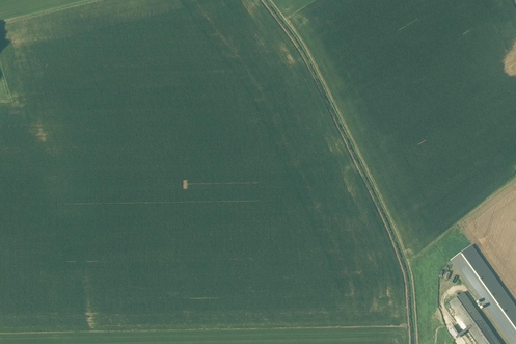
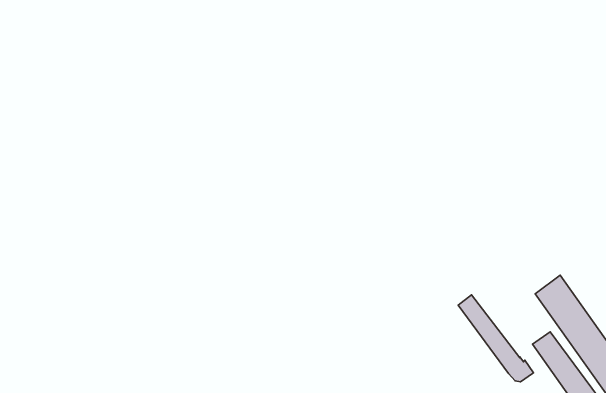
building: none -> [458,295,534,382]

